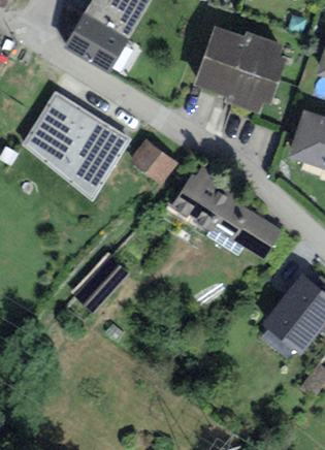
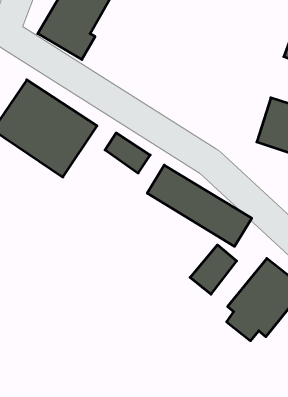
building: [201,32,284,109] -> none
building: none -> [190,245,237,294]
building: [77,261,128,313] -> none

